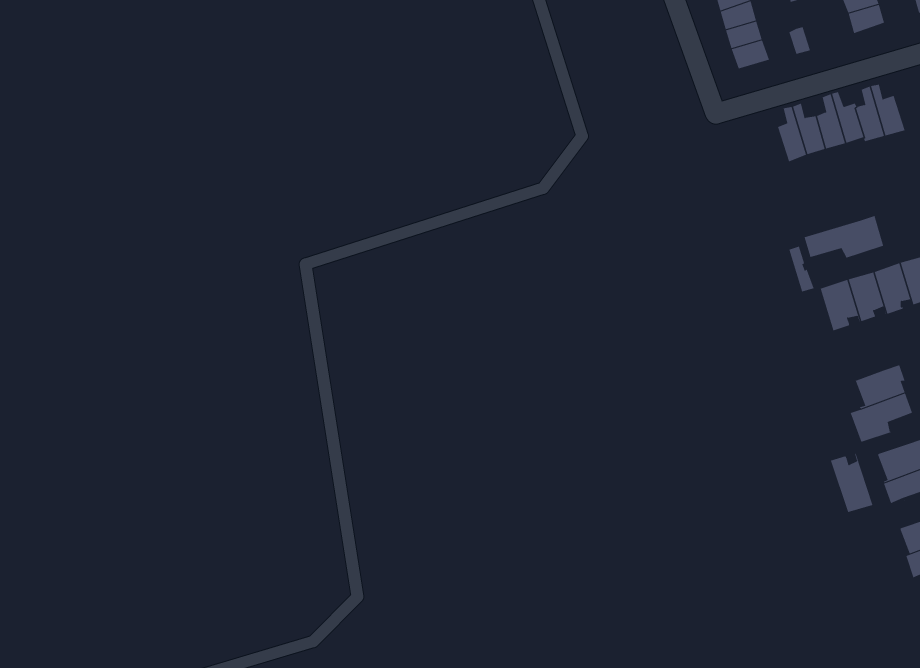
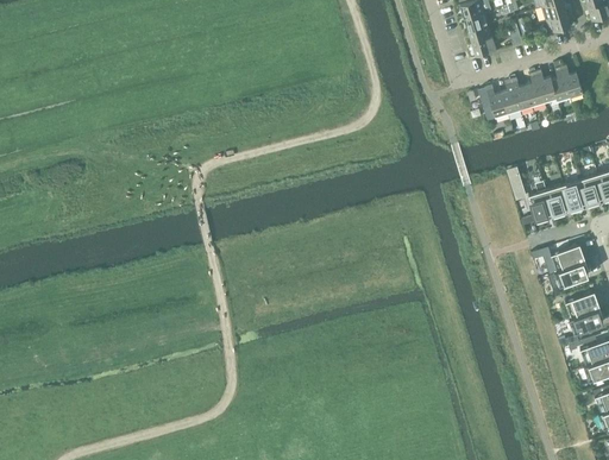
building: none -> [478,84,509,118]
building: [804,215,884,260] -> none
building: [830,453,873,513] -> none

